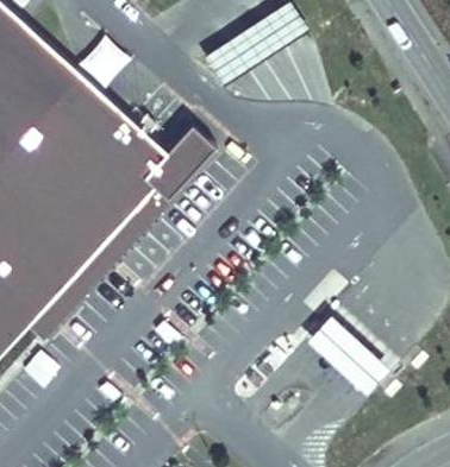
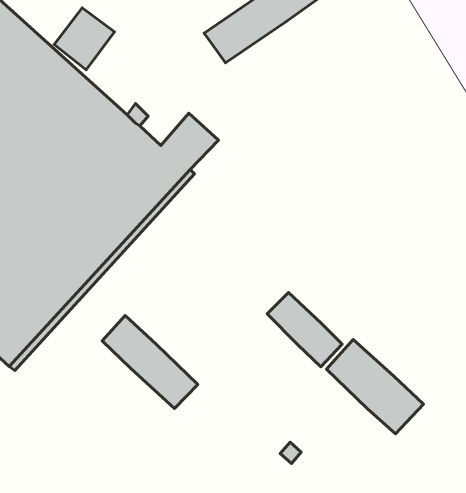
building: none -> [267,293,342,367]
building: none -> [102,316,198,408]

